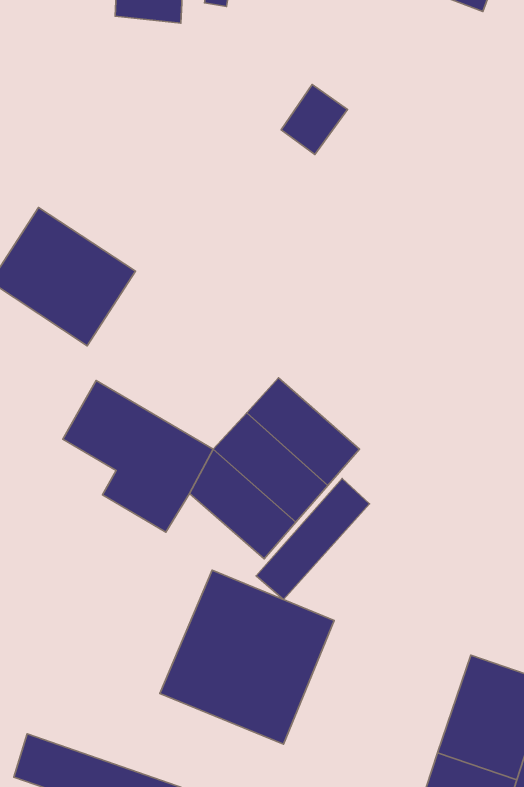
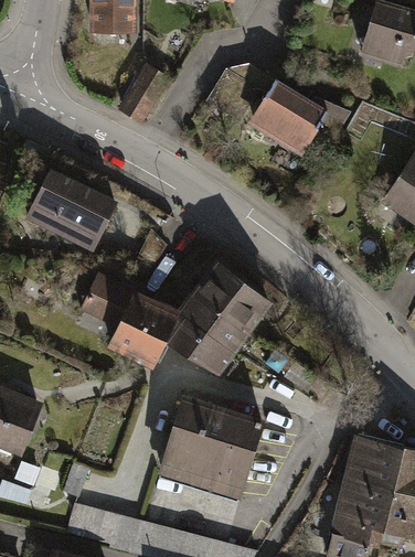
building: none -> [119,65,169,124]
building: none -> [248,77,329,156]
building: [256,479,369,600] -> none

